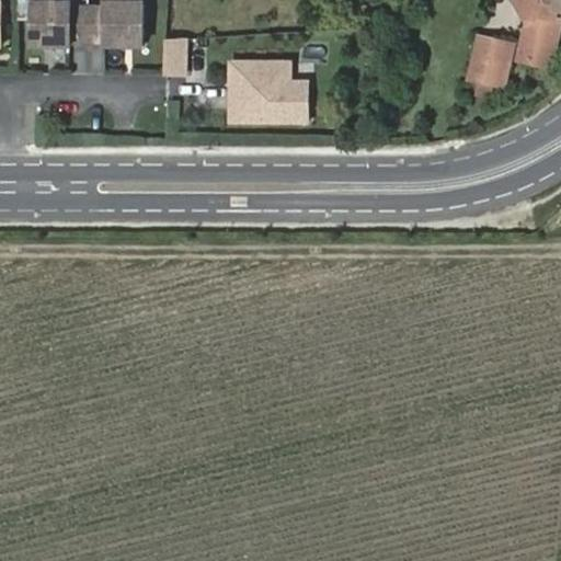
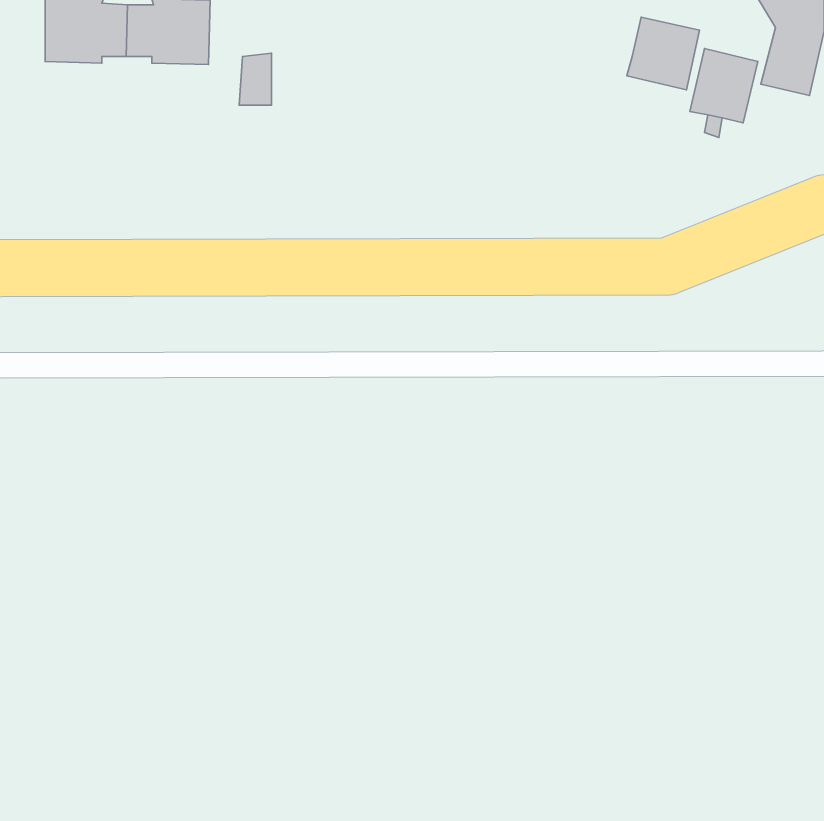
building: none -> [627,17,700,90]
building: [228,60,307,122] -> none

